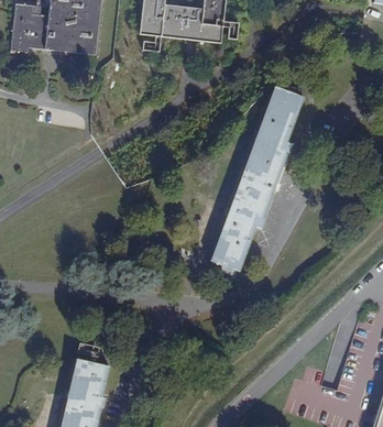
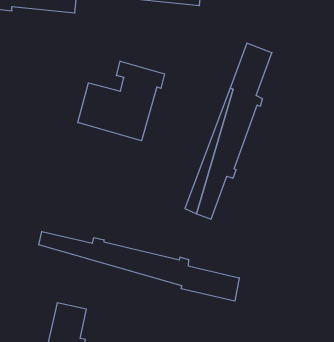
building: none -> [78,61,165,141]
building: none -> [39,231,239,301]

